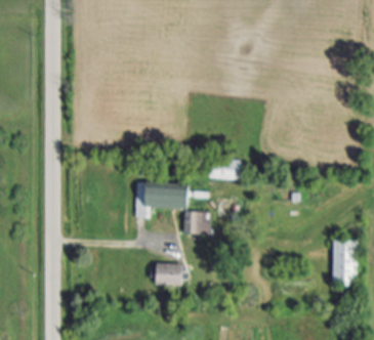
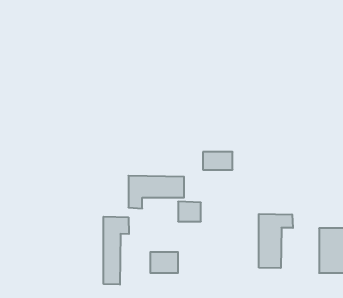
building: none -> [259,214,293,268]
building: none -> [104,217,129,285]

